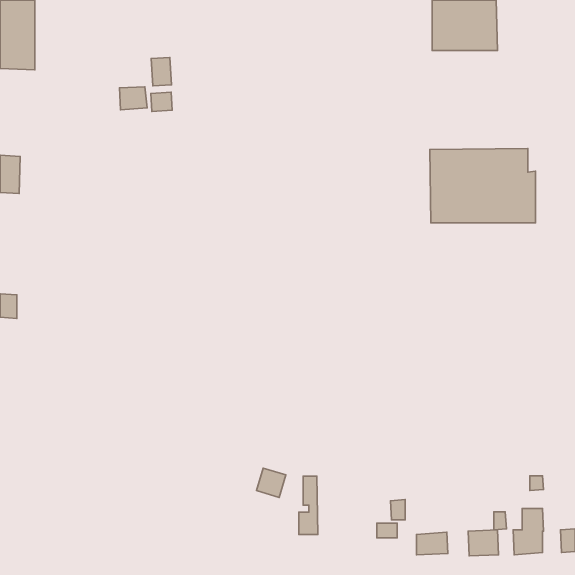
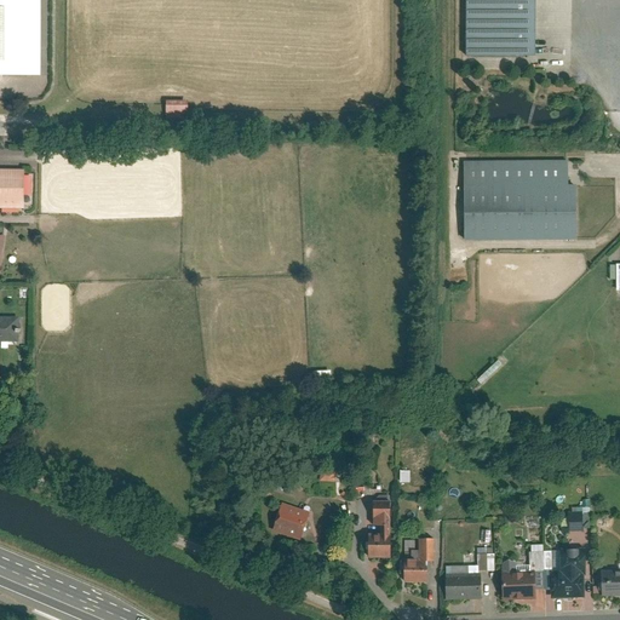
building: [151,57,171,86] -> none
building: [119,87,147,110] -> none
building: [299,476,318,535] -> [371,493,391,556]

